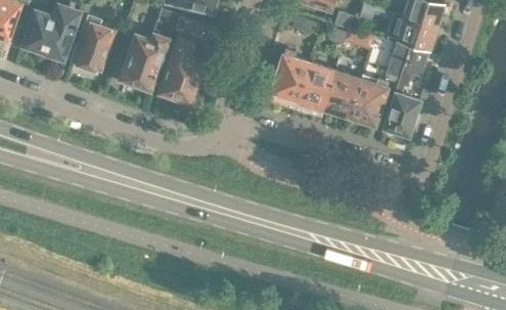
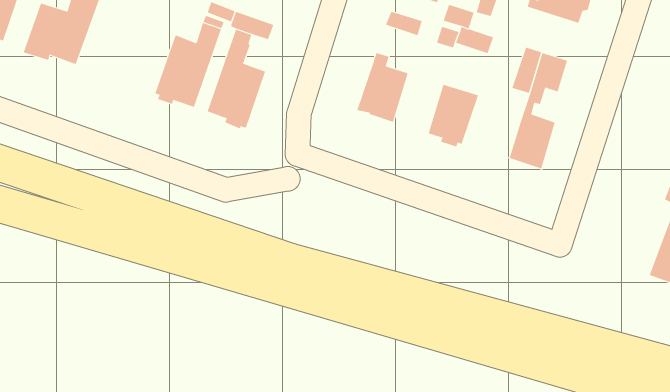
building: [396,14,436,50] -> none
building: [72,16,114,73] -> none
building: [298,63,335,108] -> none
building: [350,78,388,124] -> none

